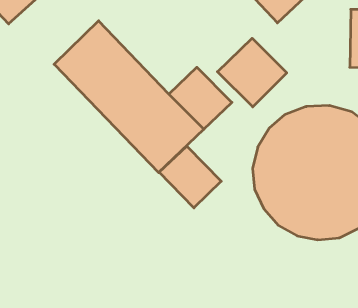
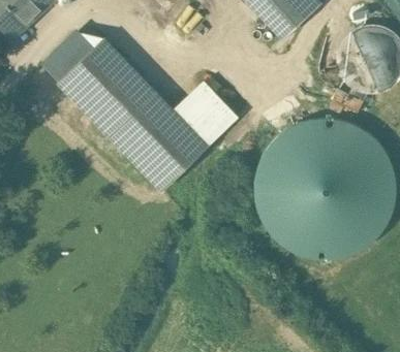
building: none -> [40,30,102,81]
building: [217,38,287,107] -> none
building: [159,146,221,208] -> none

